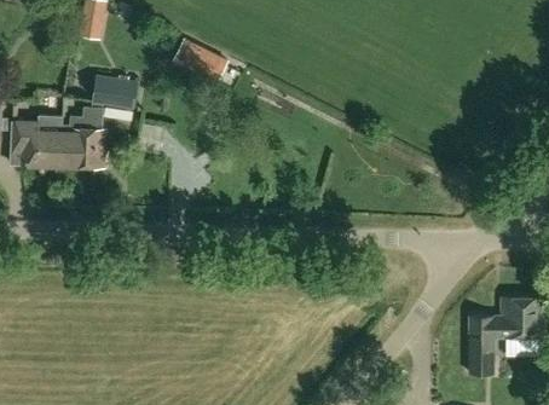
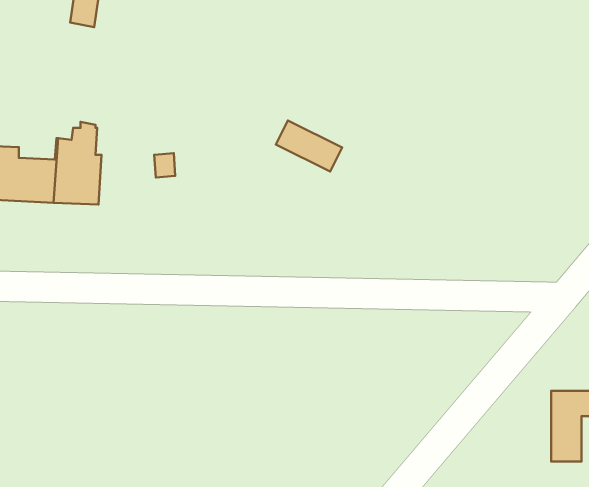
building: [173,40,226,81] -> [276,120,342,171]
building: [89,74,137,110] -> none

